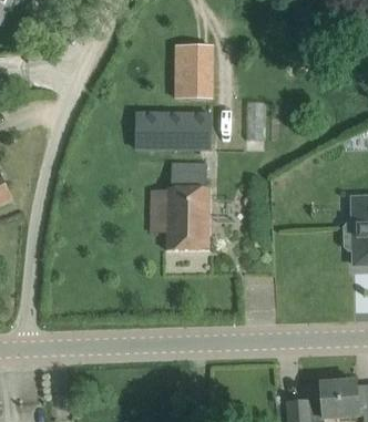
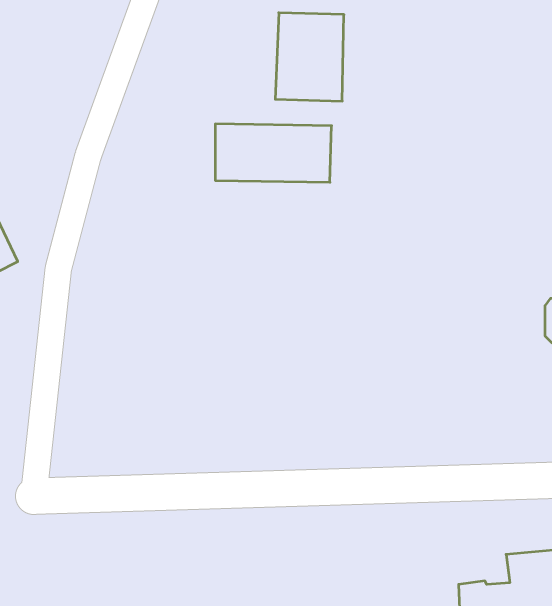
building: [147,163,208,249] -> none

